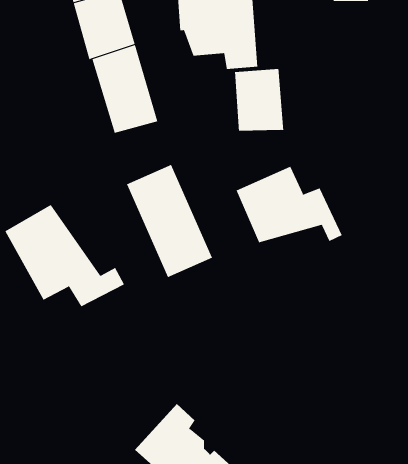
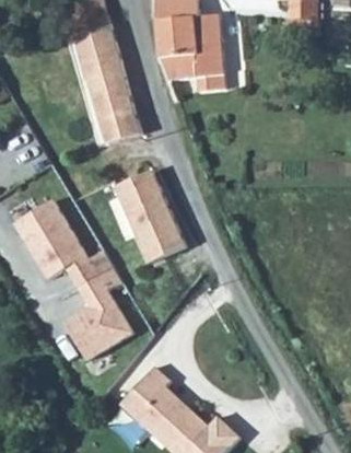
building: [234,68,284,131] -> none
building: [236,166,342,243] -> none
building: none -> [67,266,134,358]

